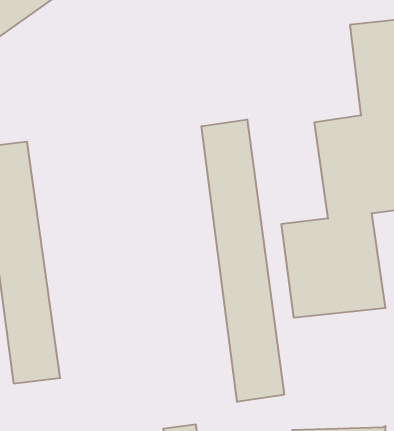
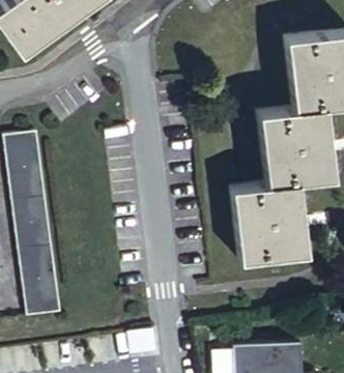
building: [202,119,284,402] -> none

